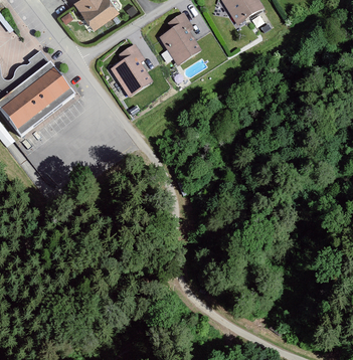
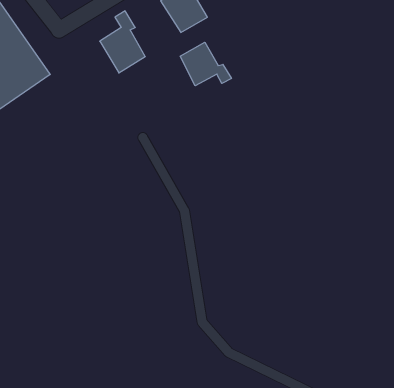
building: none -> [180,42,231,86]

